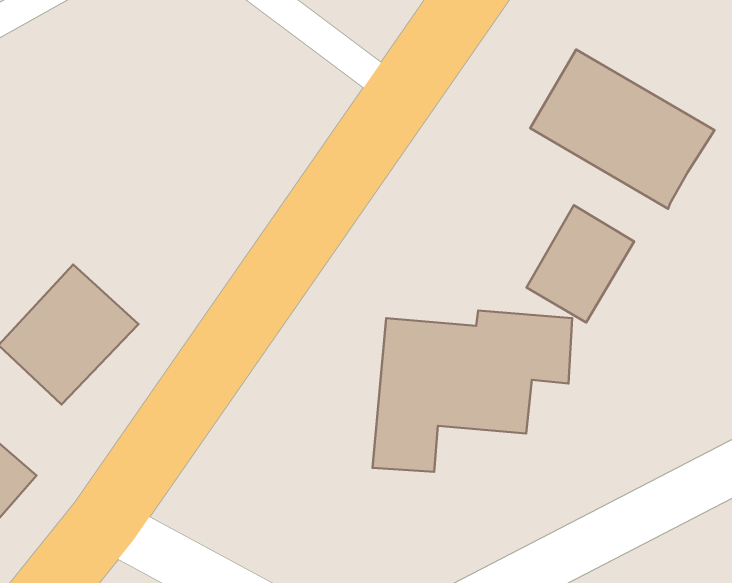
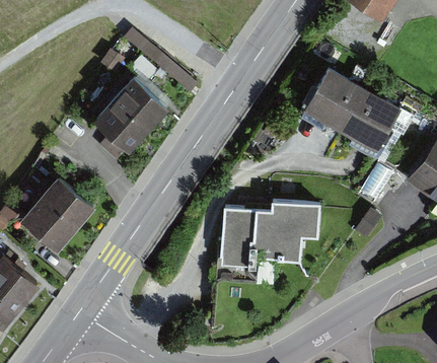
building: none -> [96,79,167,160]
building: [527,205,634,322] -> none

